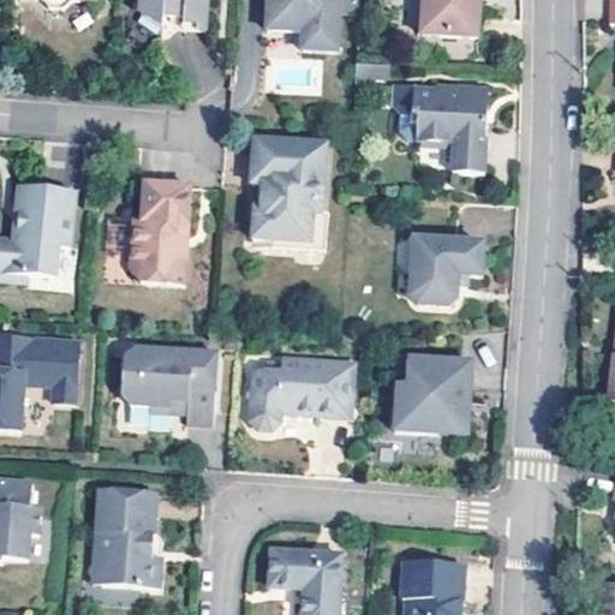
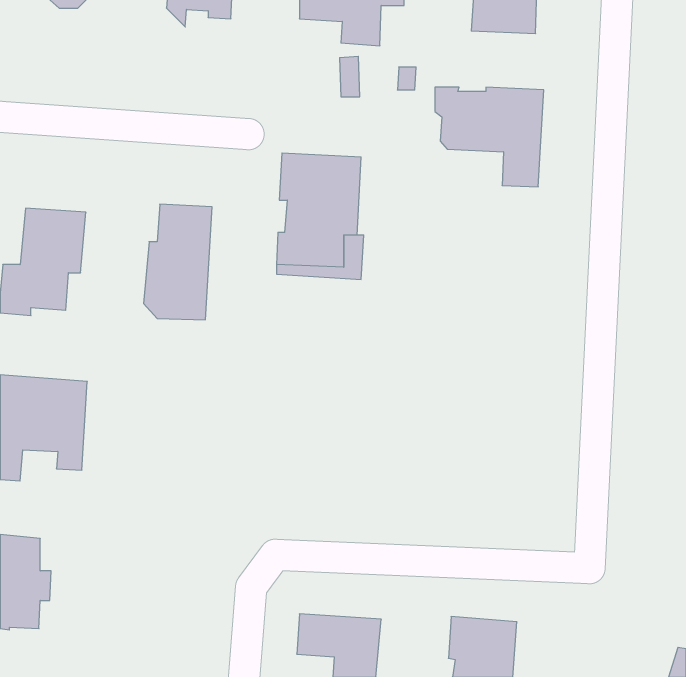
building: [406,235,482,303] -> none
building: [118,346,216,422] -> none
building: [393,357,473,430] -> none
building: [249,358,353,425] -> none
building: [94,488,162,586] -> none

